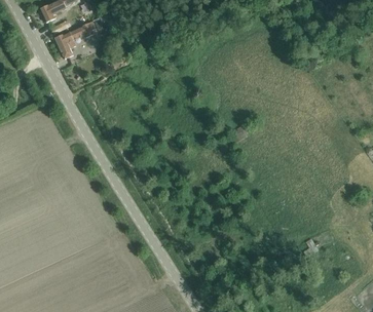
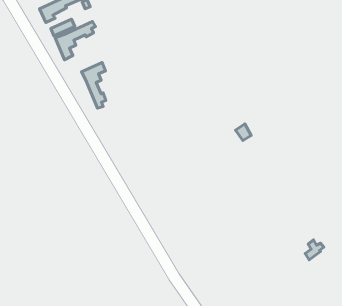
building: none -> [82,62,106,108]

